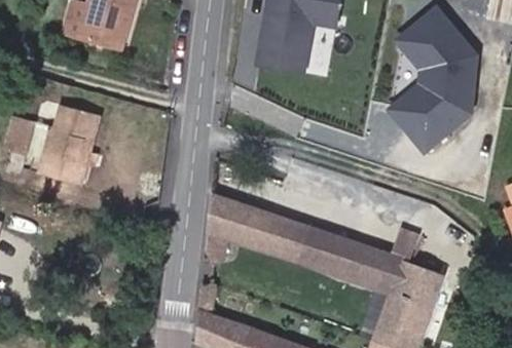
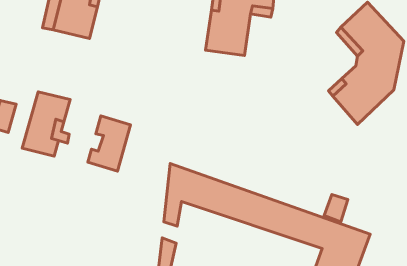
building: none -> [88,116,130,171]

